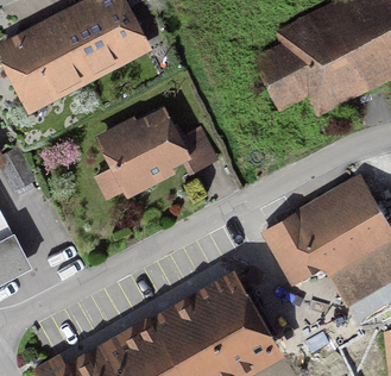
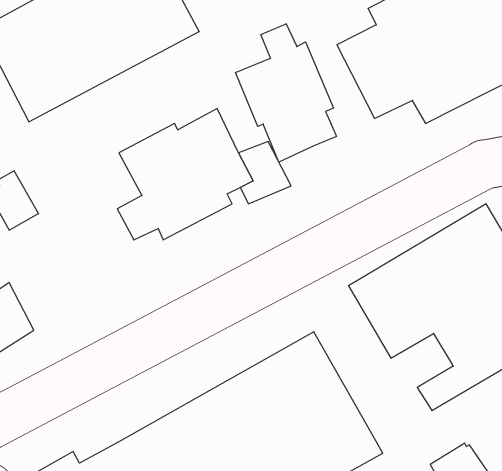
building: none -> [235,24,336,162]

